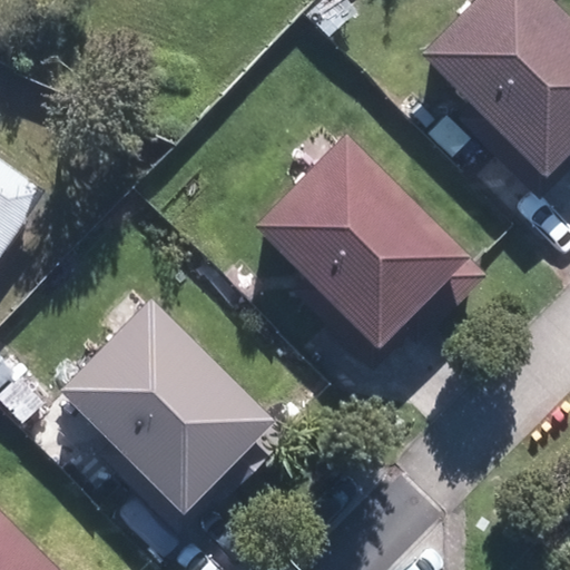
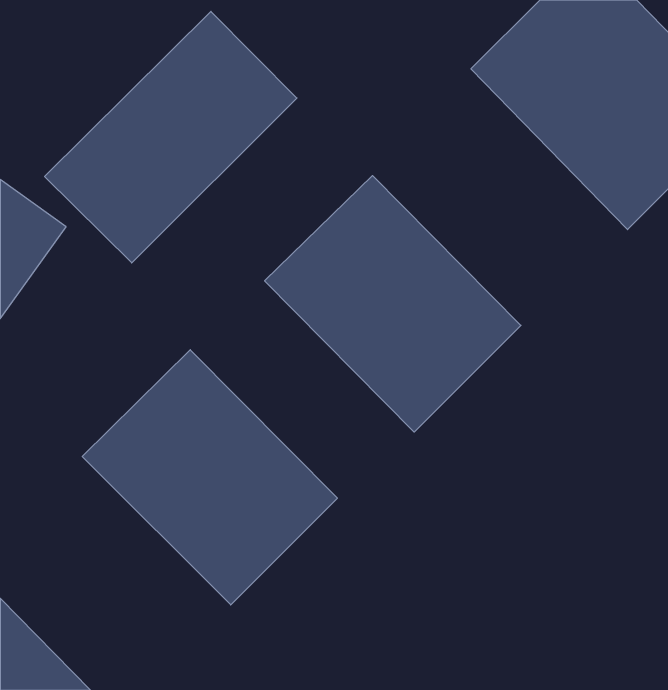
building: none -> [45,11,297,263]

